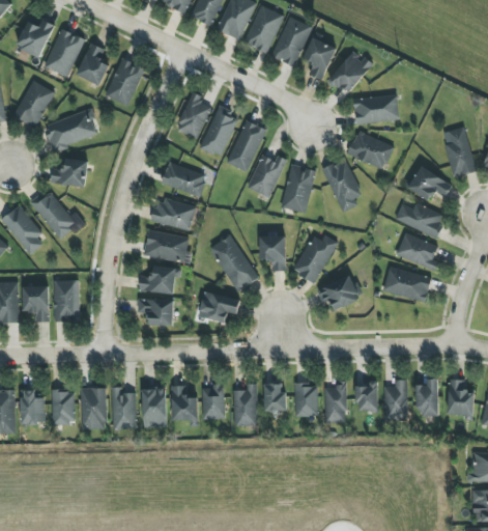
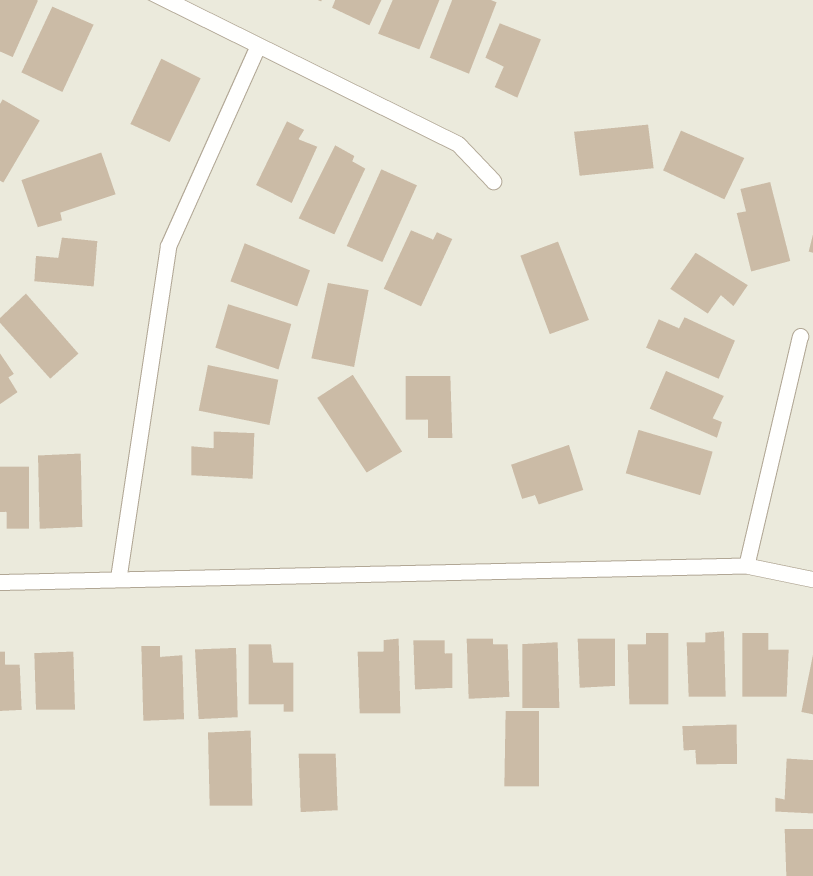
building: [76,43,109,85] -> none
building: [328,52,374,94] -> none
building: [347,131,394,170] -> [662,130,745,200]
building: [281,165,314,213] -> [311,283,370,368]
building: [292,234,337,283] -> none
building: [197,290,240,323] -> none
building: [138,299,173,325] -> none
building: [201,386,224,419] -> [298,753,339,812]
building: [80,387,106,429] -> [207,730,253,806]
building: none -> [504,710,539,787]
building: none -> [682,724,738,765]

